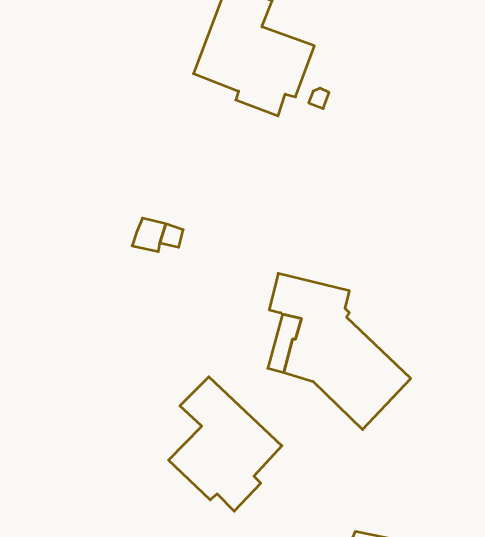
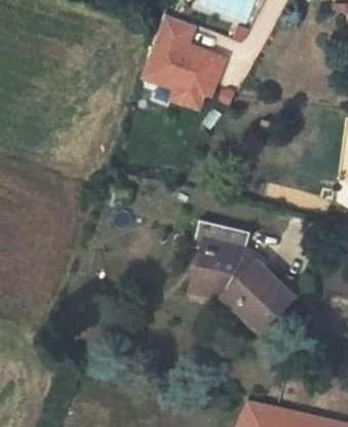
building: [169,377,282,511] -> none

